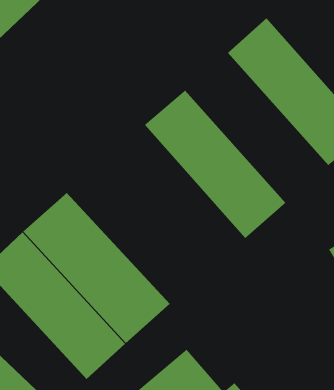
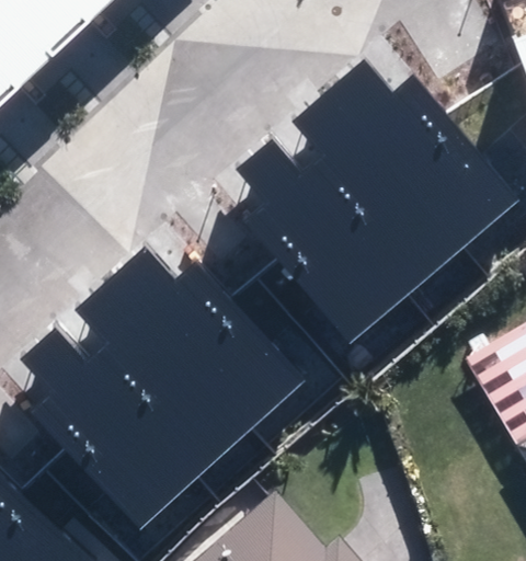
building: none -> [276,99,467,299]
building: none -> [118,238,309,434]

